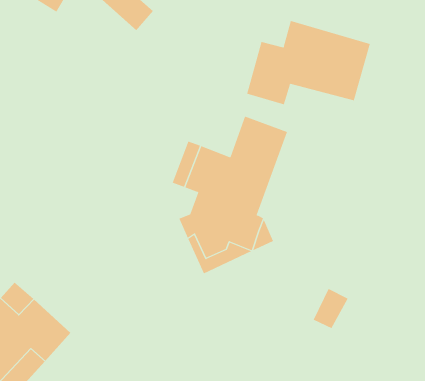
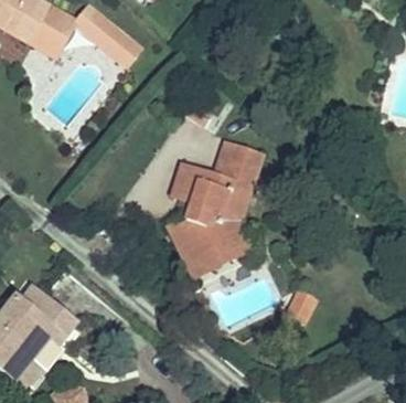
building: [246,20,370,105] -> none

